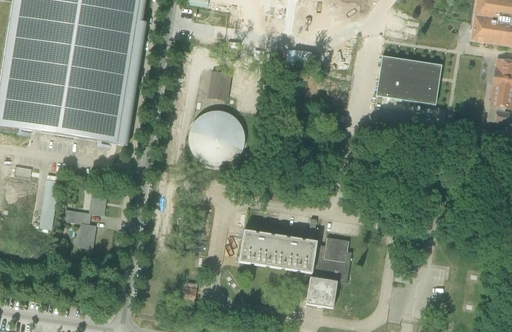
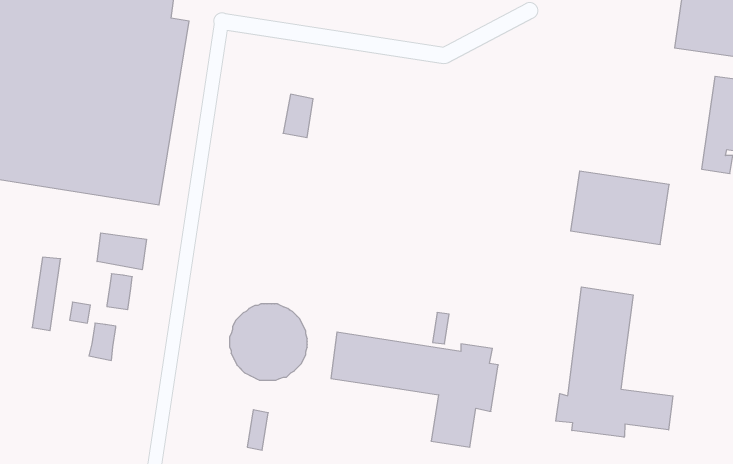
building: [375,56,441,105] -> [571,171,669,244]
building: [190,113,242,164] -> [230,304,307,380]
building: none -> [97,233,146,270]
building: none -> [556,287,673,437]

